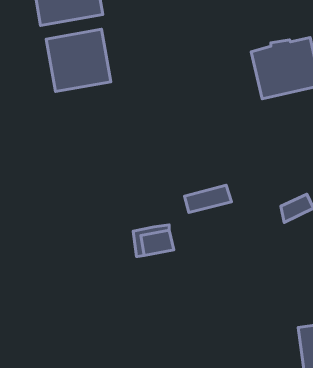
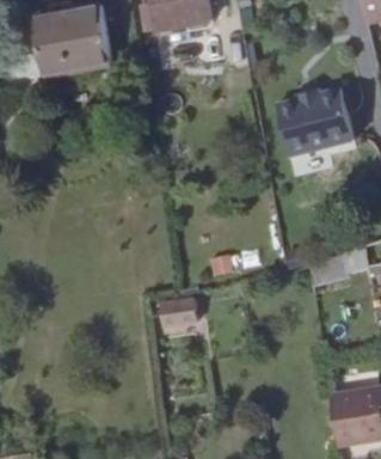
building: [46,29,111,92] -> none

